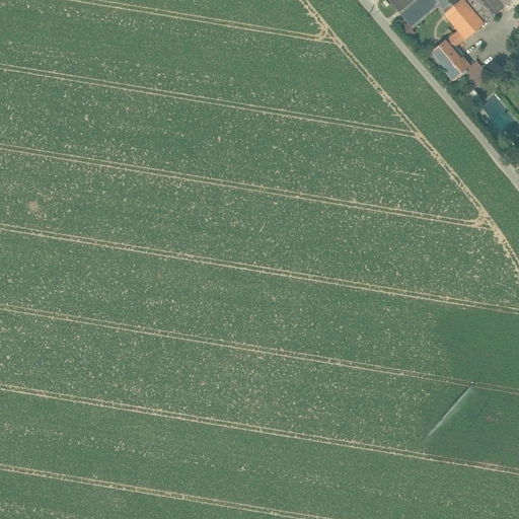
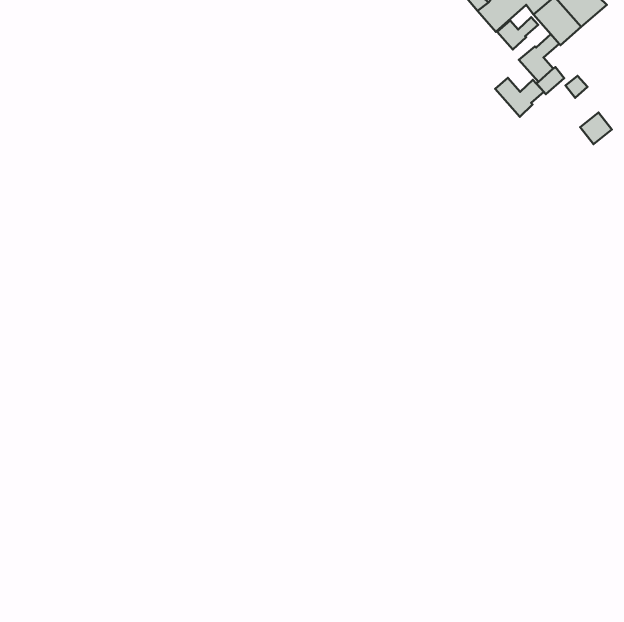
building: none -> [497,17,538,49]
building: none -> [495,78,544,117]

